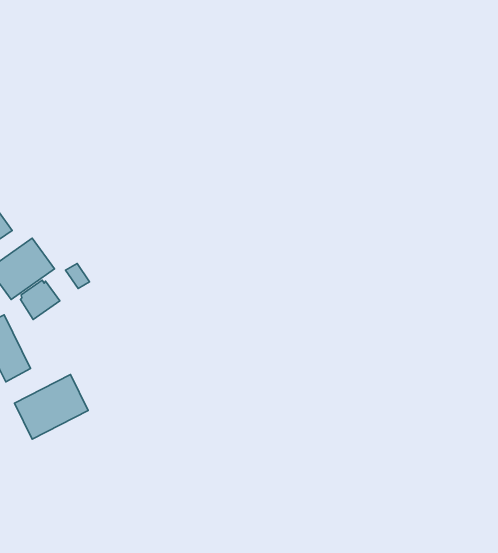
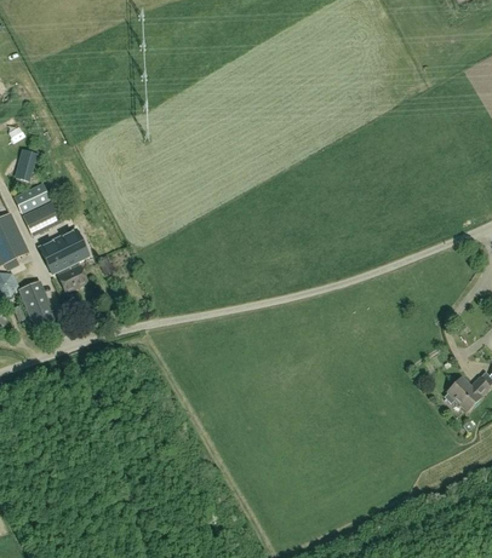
building: [14,375,88,439] -> none

